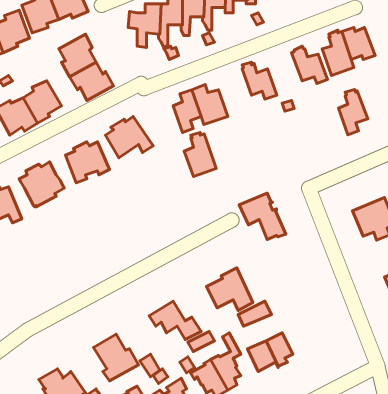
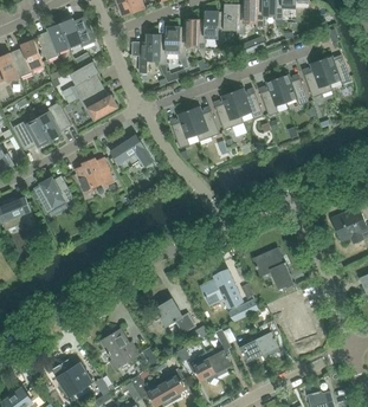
building: [338,90,368,135] -> [260,77,286,117]
building: [184,133,216,176] -> [215,91,244,130]
building: [239,193,286,239] -> [253,248,295,290]

